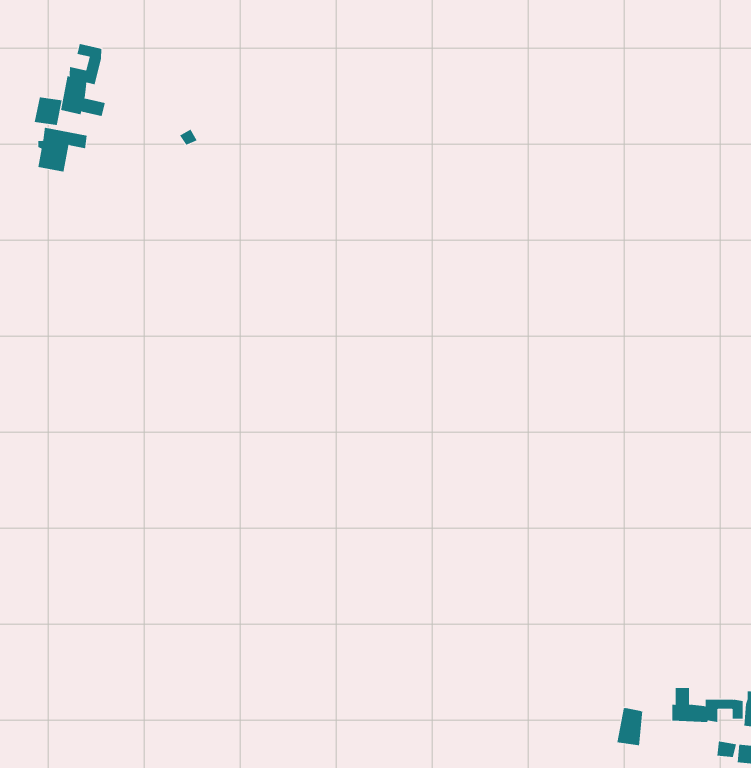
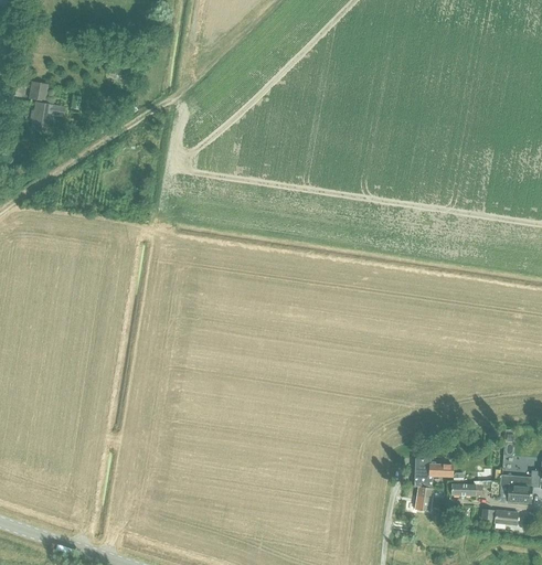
building: [60,43,105,117] -> none
building: none -> [414,458,451,488]

